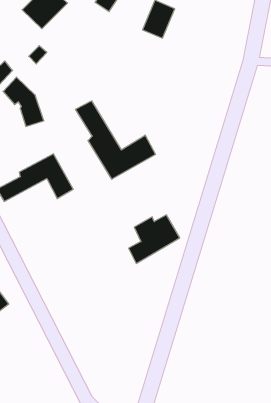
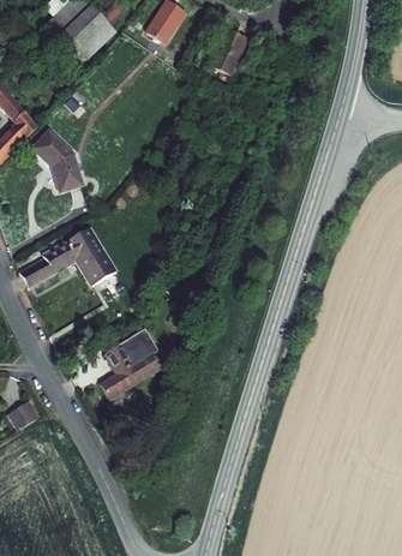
building: [76,101,156,179] -> none
building: [129,215,180,263] -> [95,336,160,397]

